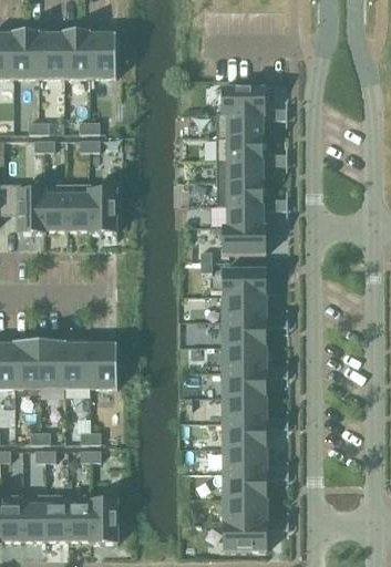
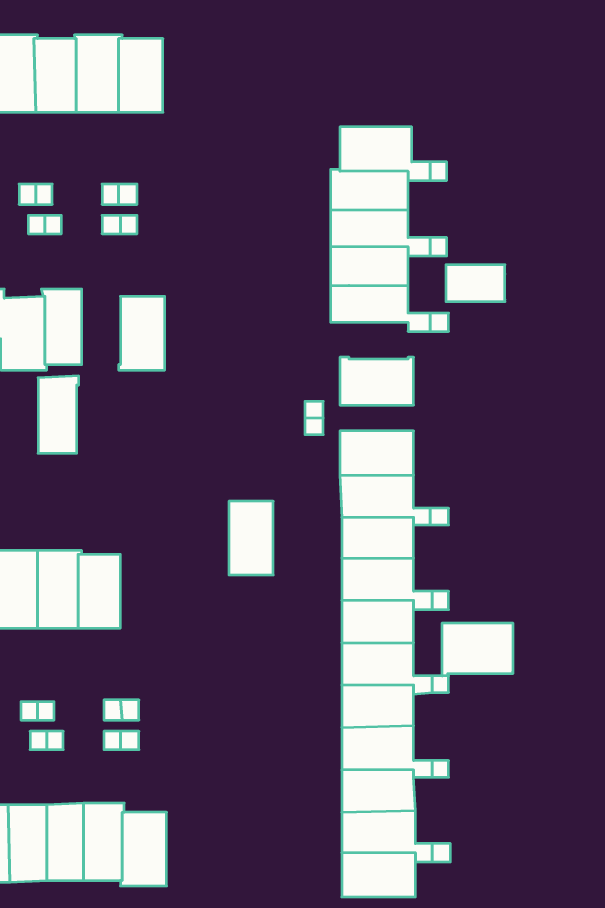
building: [66,183,91,229] -> [38,376,79,453]
building: [227,204,263,226] -> [446,265,505,302]
building: [90,343,116,388] -> [229,501,273,575]
building: none -> [442,623,513,676]

